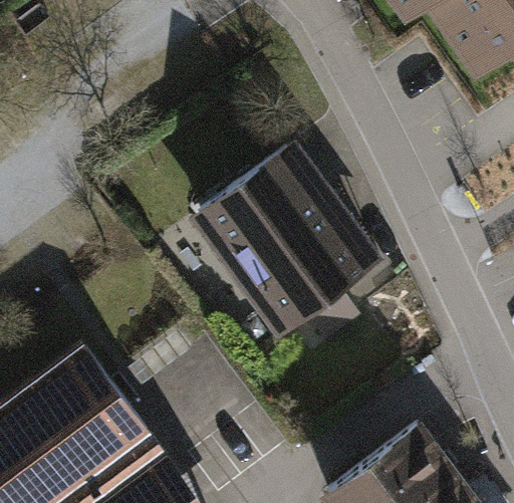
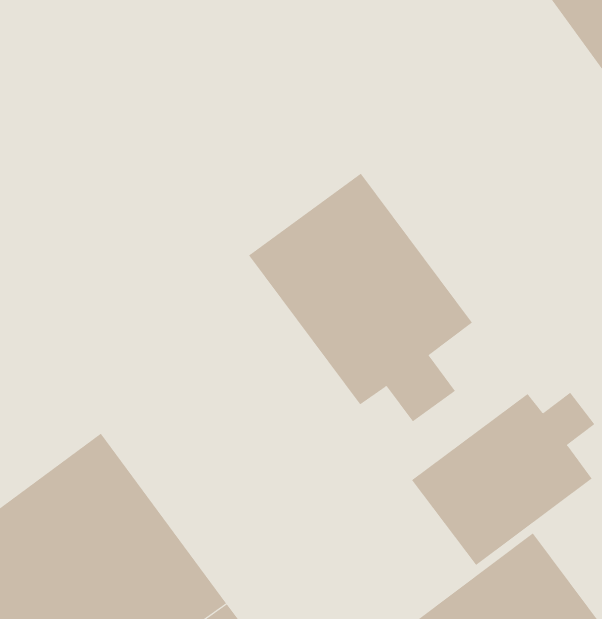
building: none -> [411,392,595,566]

